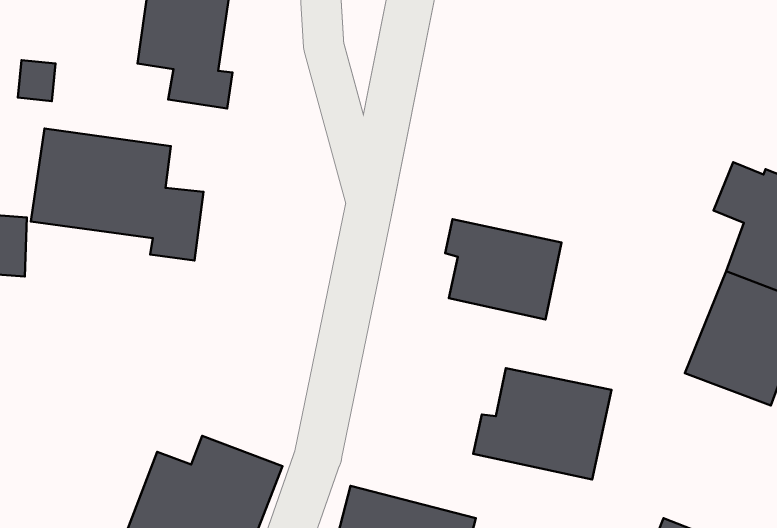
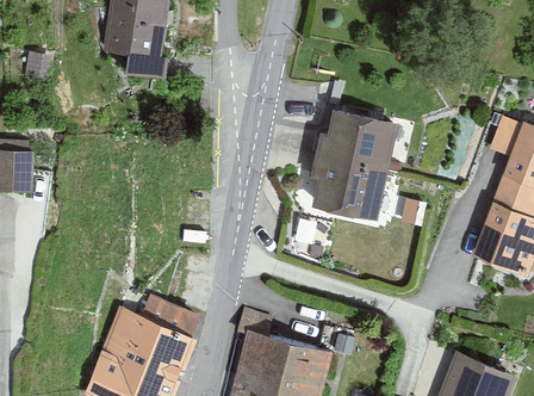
building: [31,129,203,260] -> none
building: none -> [315,109,397,168]
building: [473,368,612,479] -> none

